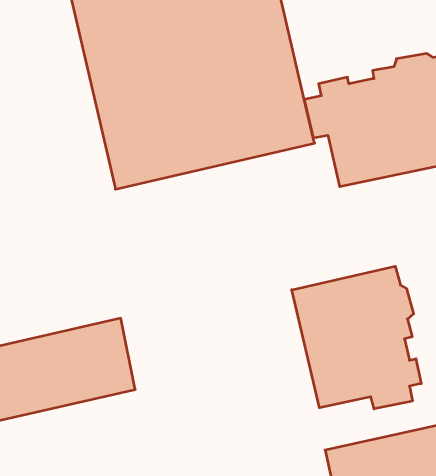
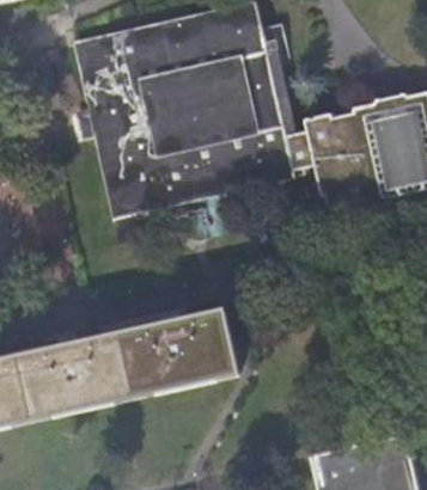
building: [292,266,421,409] -> none
building: none -> [120,308,237,397]

